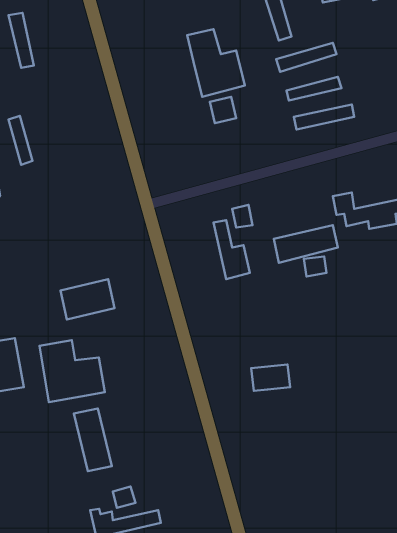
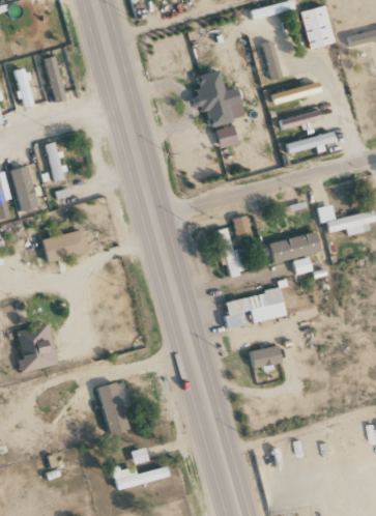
building: [61,279,115,319] -> [46,230,90,263]
building: none -> [221,291,283,326]
building: [40,340,105,402] -> none

